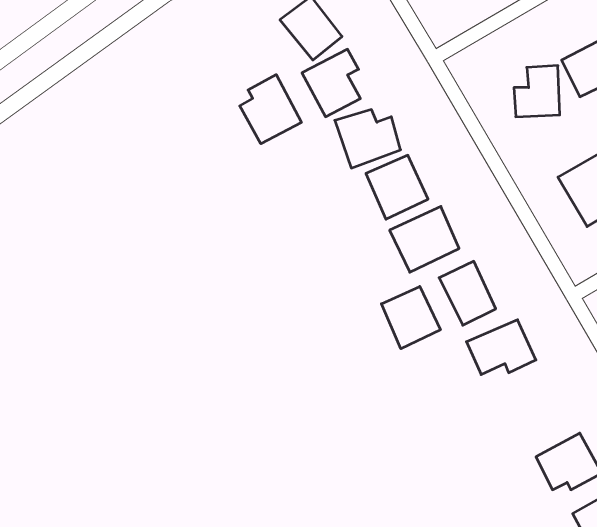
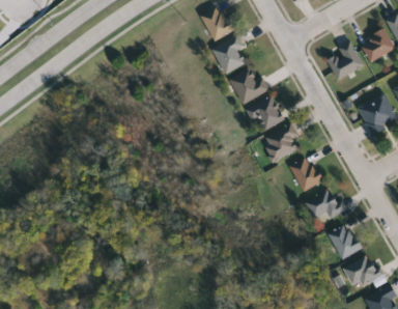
building: [240,75,301,144] -> none
building: [381,286,440,349] -> none
building: none -> [328,223,363,259]

